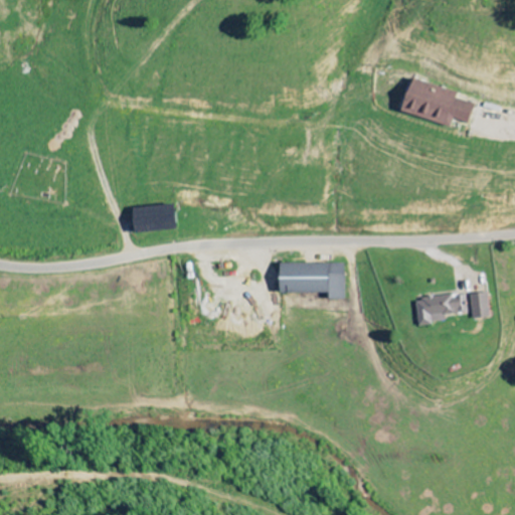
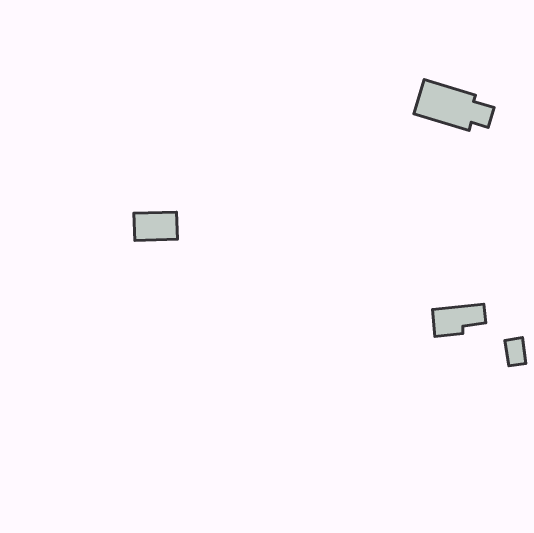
building: [275,262,345,298] -> none
building: [471,291,491,318] -> [505,337,526,366]

